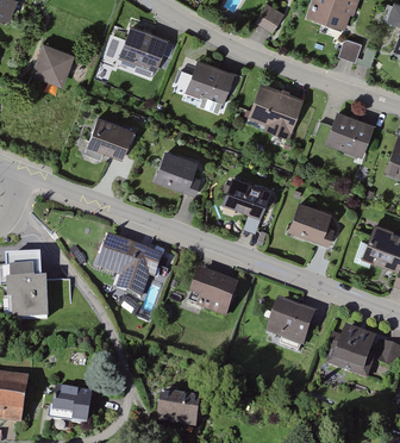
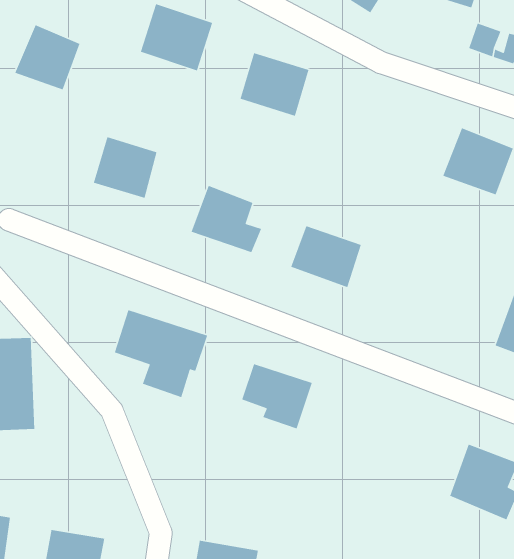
building: [246,83,302,132] -> none
building: [286,202,335,248] -> none
building: [264,300,314,347] -> none

